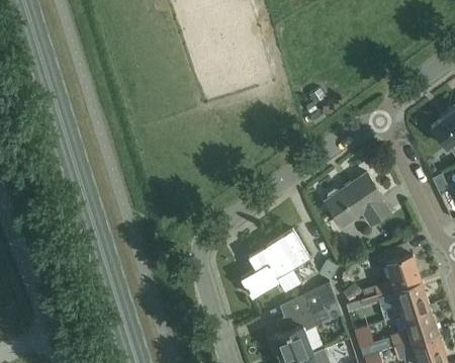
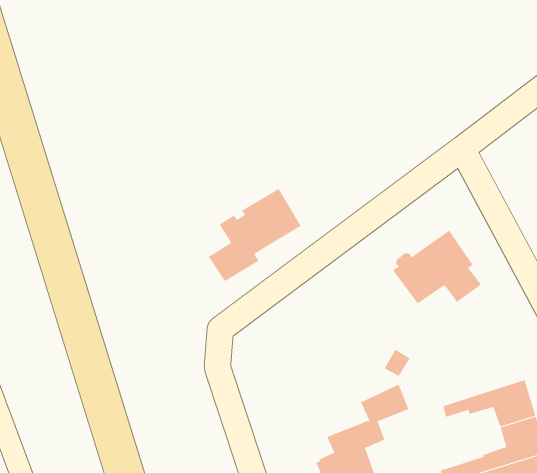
building: [242,231,309,298] -> [208,188,301,282]
building: [375,254,422,296] -> none

